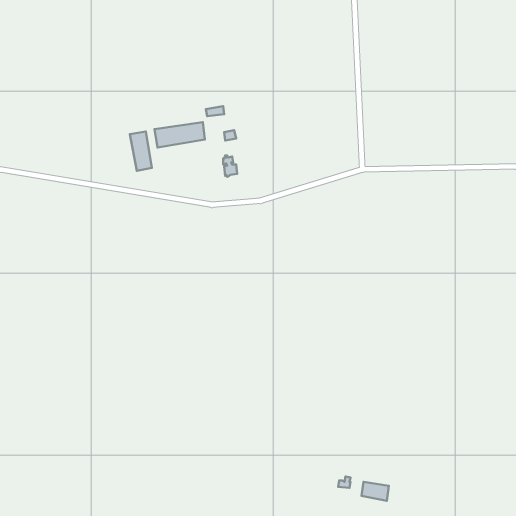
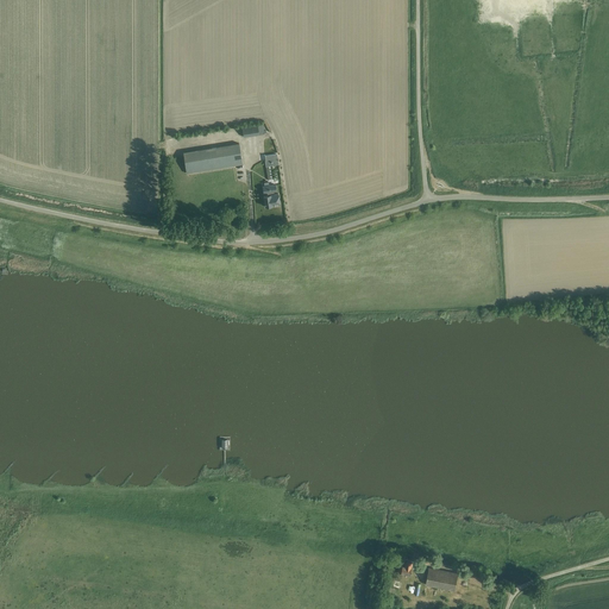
building: [130,131,152,171] -> none

